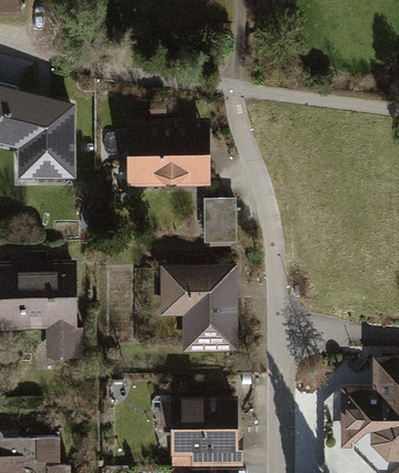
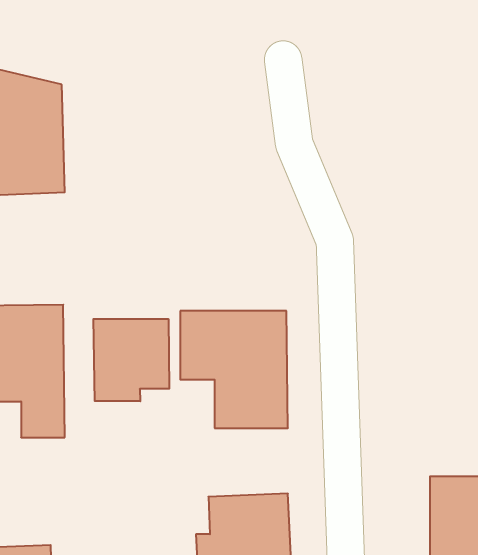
building: [128,118,208,184] -> none
building: [201,200,235,248] -> none
building: none -> [93,319,169,401]

